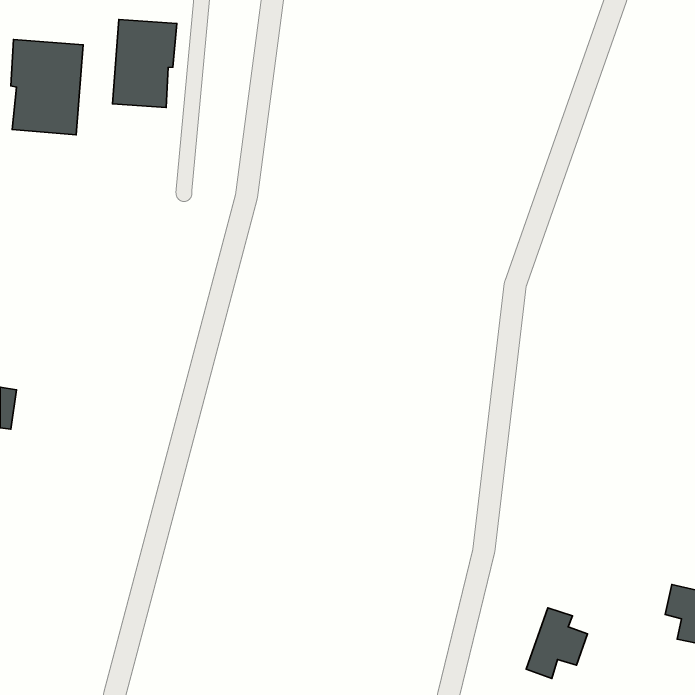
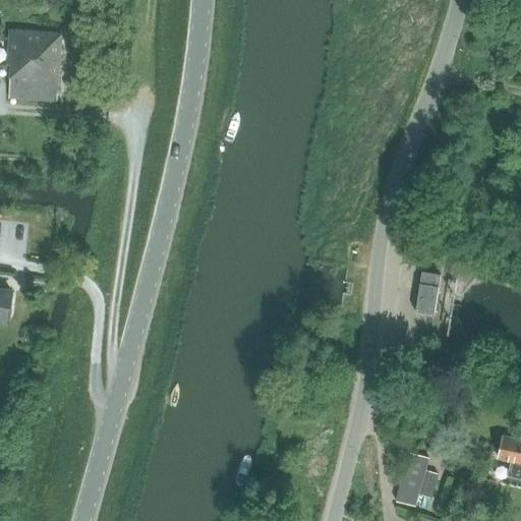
building: [112,19,177,107] -> none
building: none -> [416,273,437,314]

